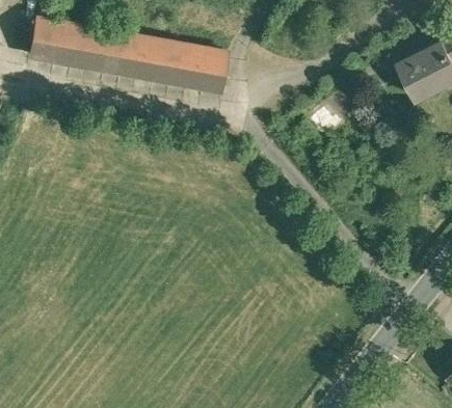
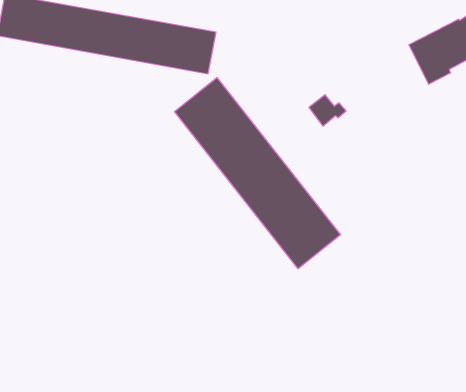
building: none -> [175,77,341,269]

